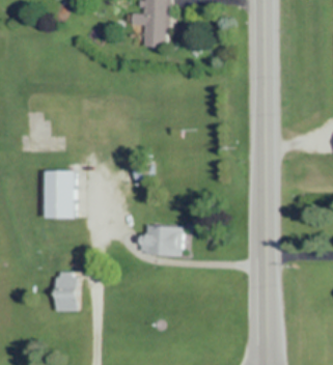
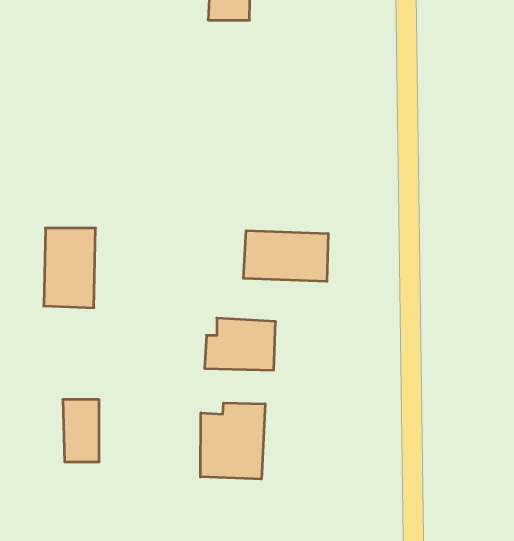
building: none -> [243,231,328,281]
building: none -> [200,403,265,479]

